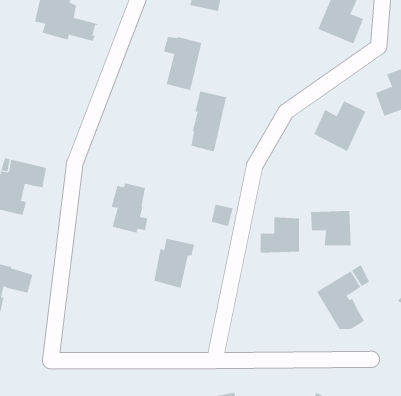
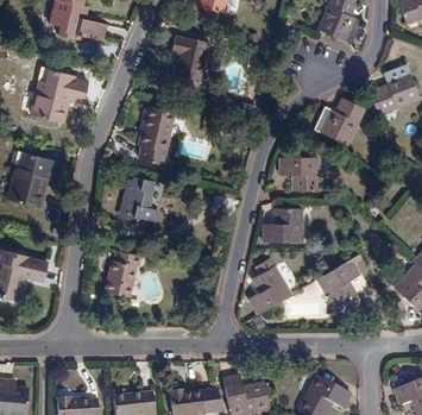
building: none -> [31,69,88,122]
building: [191,91,227,152] -> [139,106,174,164]
building: [310,211,351,246] -> [279,157,319,190]
building: [153,238,195,288] -> [103,250,143,297]
building: none -> [248,266,291,315]

